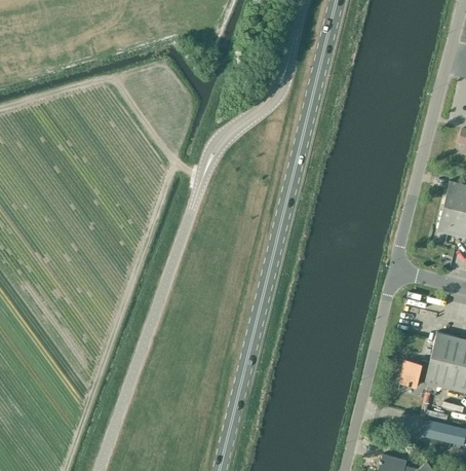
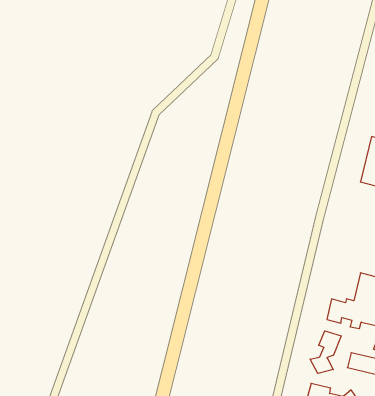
building: none -> [310,331,341,373]

